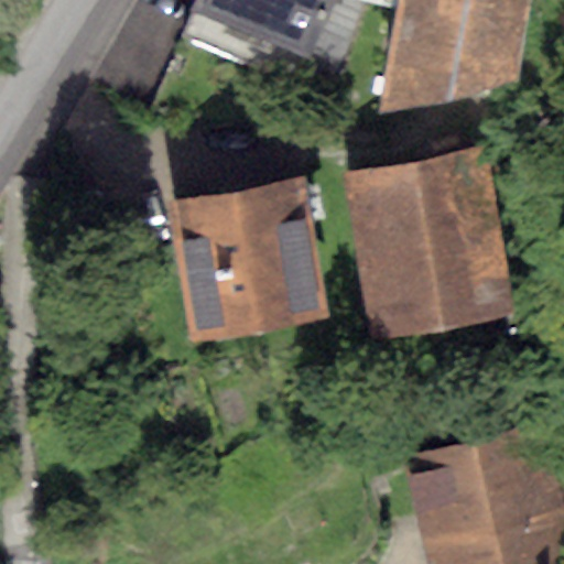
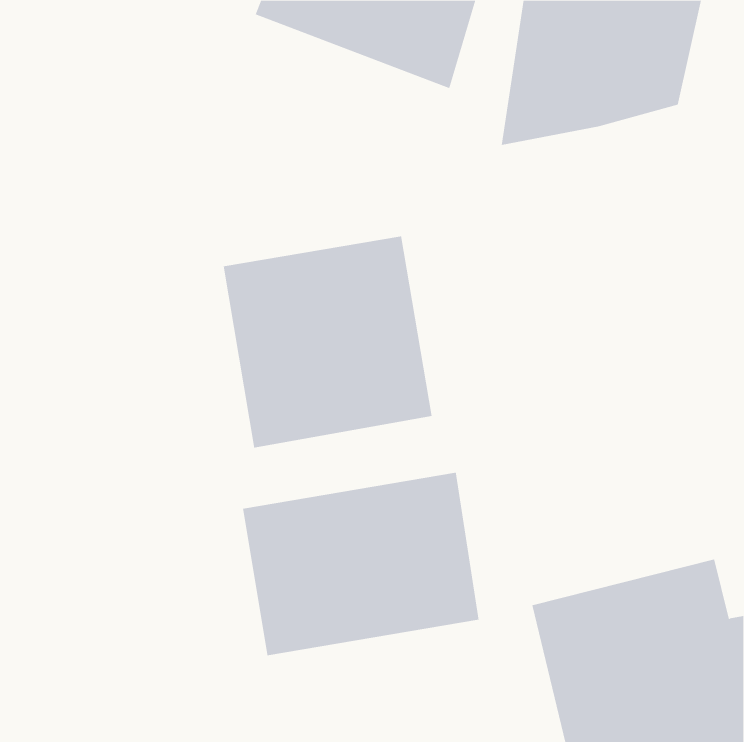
building: [345,148,514,339] -> none
building: none -> [242,472,479,656]

